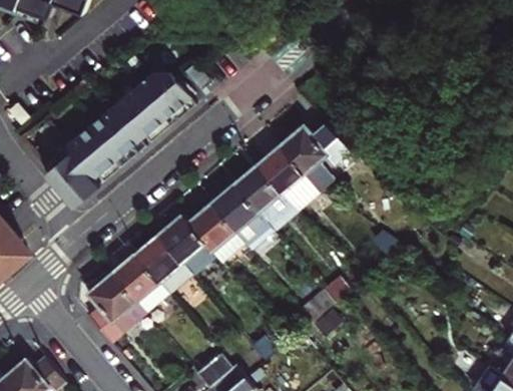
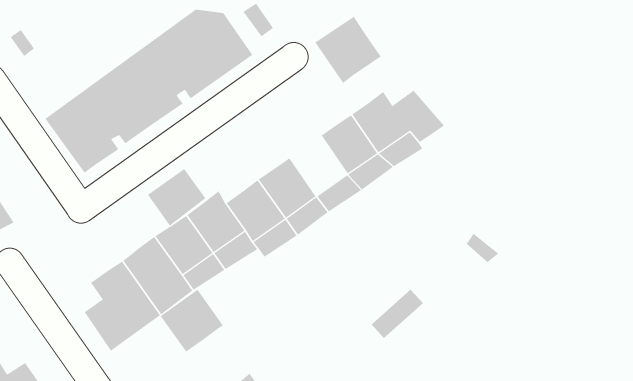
building: none -> [314,16,381,84]
building: [232,165,278,213] -> none
building: none -> [147,168,206,226]
building: none -> [160,289,224,353]

